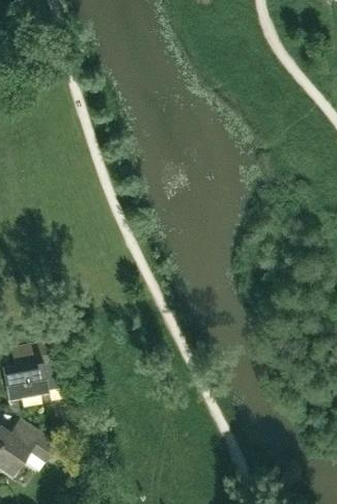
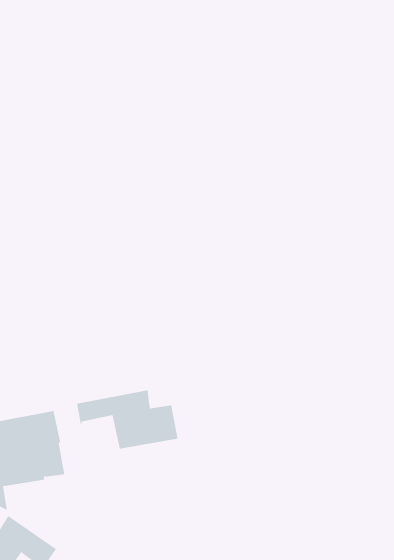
building: none -> [77,390,178,450]

